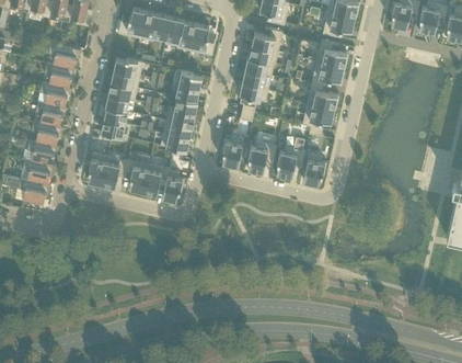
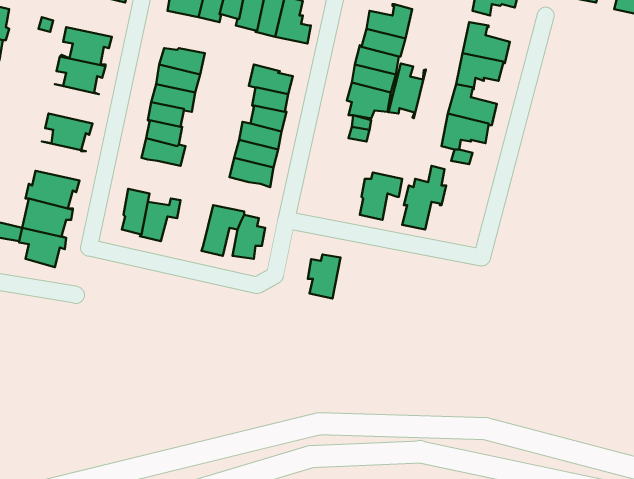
building: none -> [389,63,426,118]
building: [38,81,72,107] -> none
building: [30,120,63,146] -> none
building: [221,135,243,165] -> [308,254,340,298]
building: [303,152,326,183] -> none
building: [124,158,149,190] -> none

